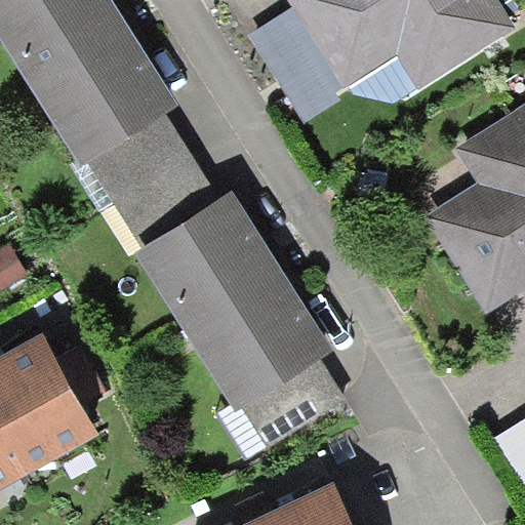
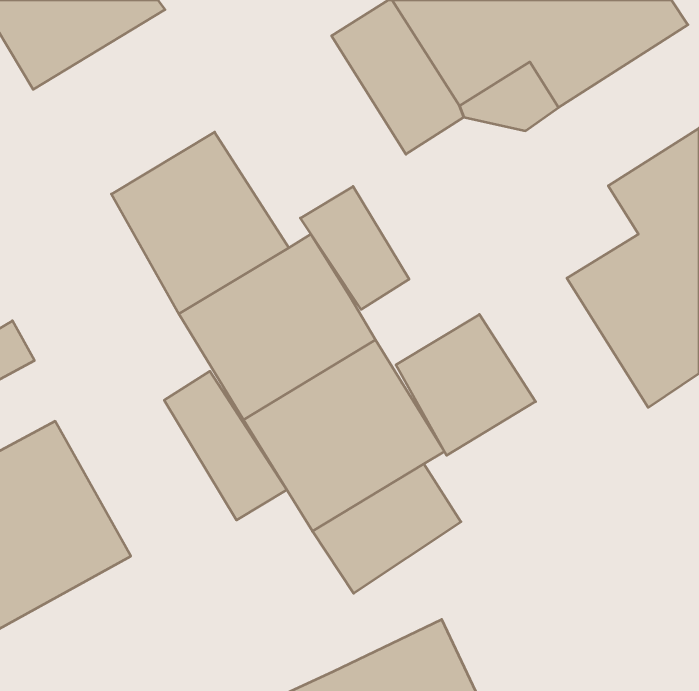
building: [25,16,173,159] -> none
building: none -> [300,186,409,309]
building: none -> [396,314,536,455]
building: none -> [164,371,287,520]

